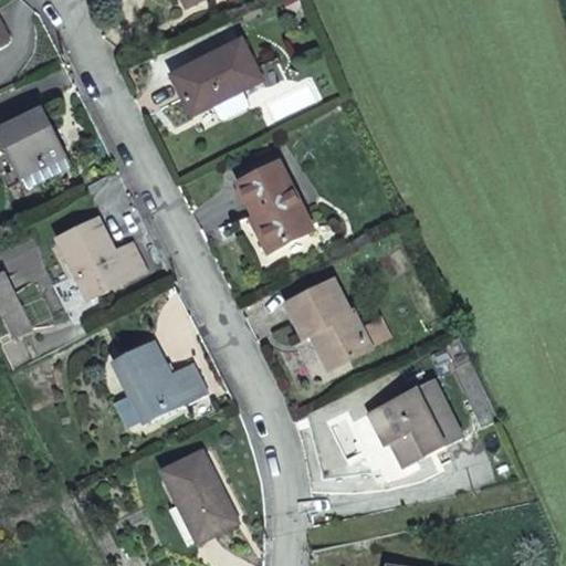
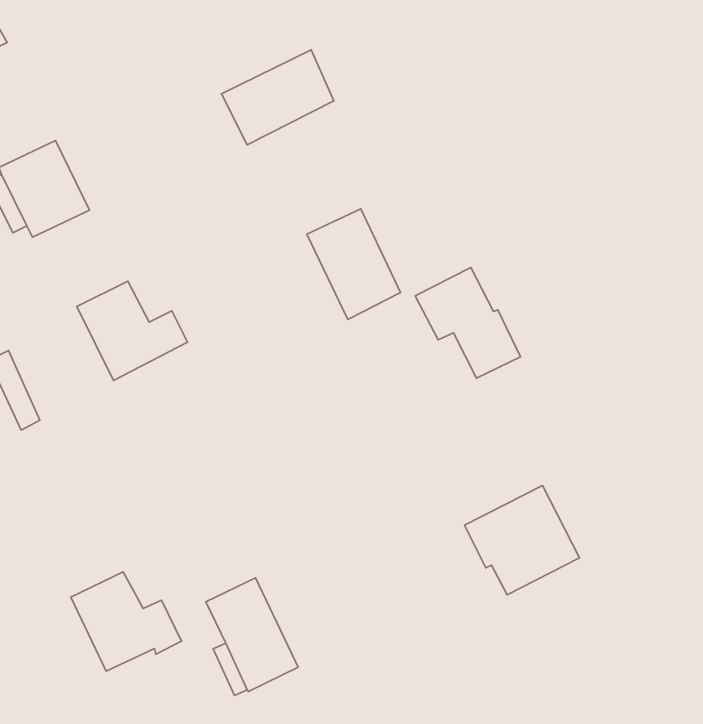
building: [284,281,366,367] -> [415,267,520,378]
building: [115,339,201,417] -> [71,572,181,671]

